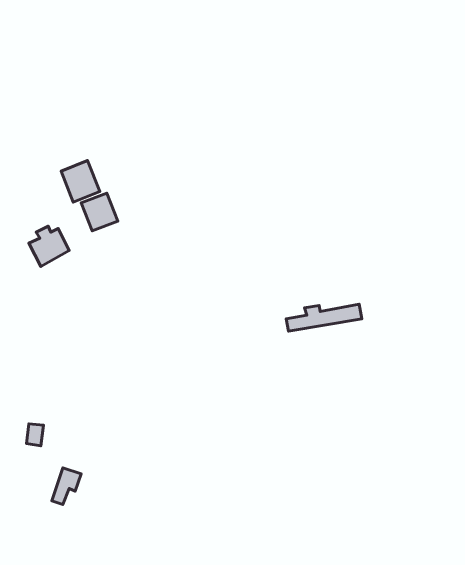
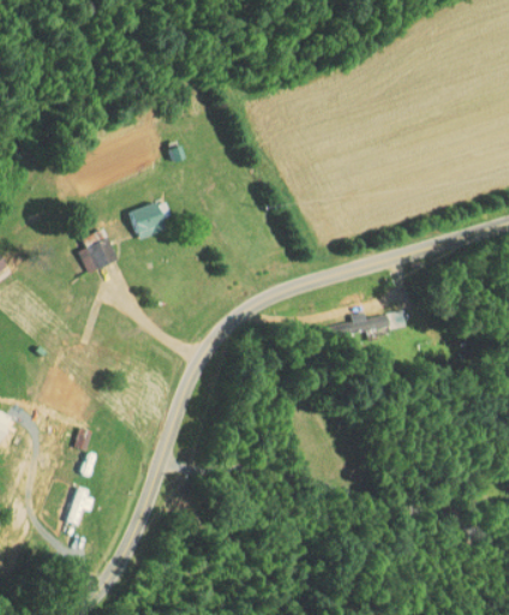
building: [61,160,100,202] -> none
building: [52,468,81,504] -> [65,489,94,525]

